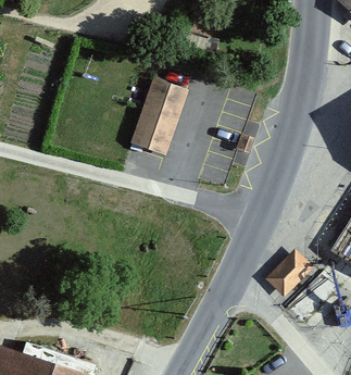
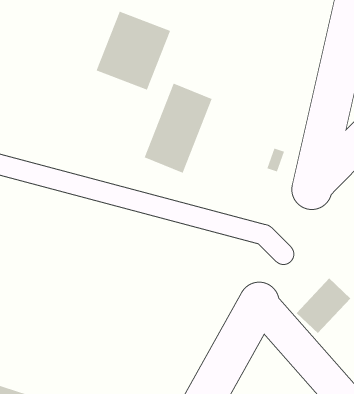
building: none -> [96,11,171,90]

